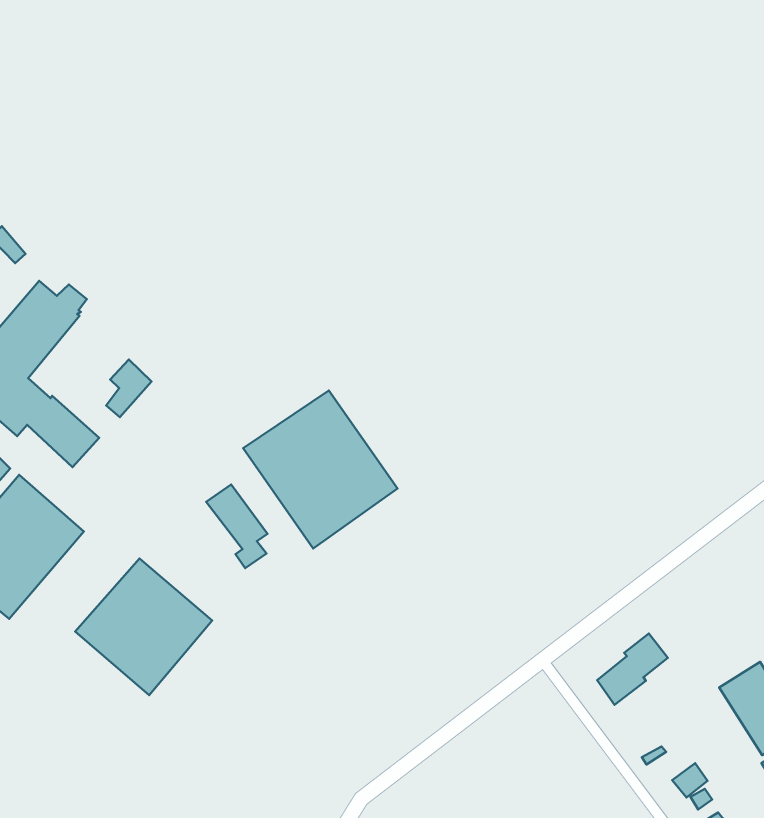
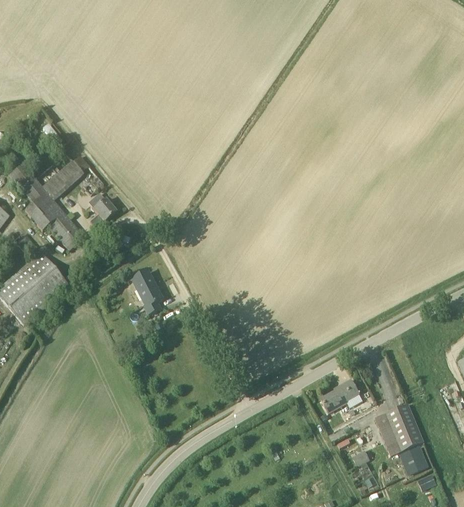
building: [243,391,397,548] -> none
building: [75,559,212,695] -> none

